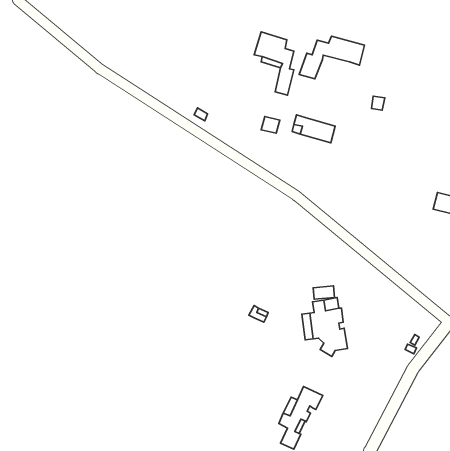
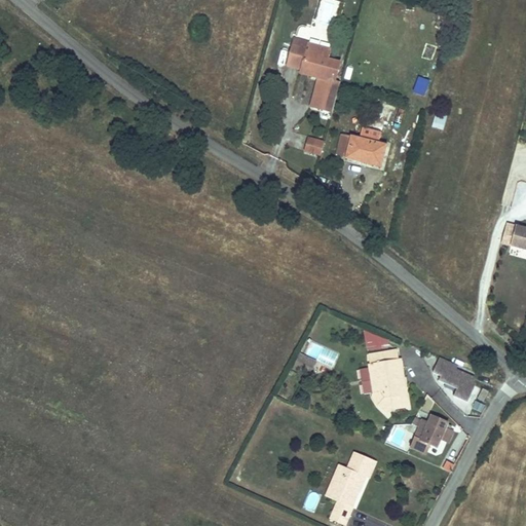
building: [299,36,364,79] -> none
building: none -> [430,354,473,400]
building: none -> [409,415,452,453]

